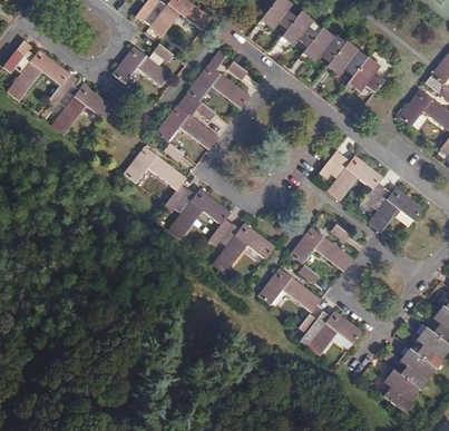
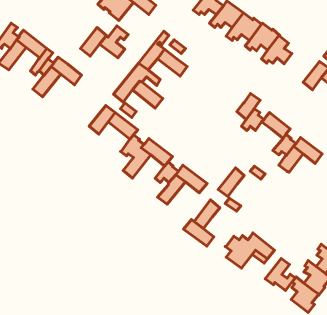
building: [328,167,358,200] -> [237,93,260,119]
building: [314,236,353,271] -> none
building: [282,277,321,312] -> [184,219,214,246]
building: none -> [265,258,295,291]

